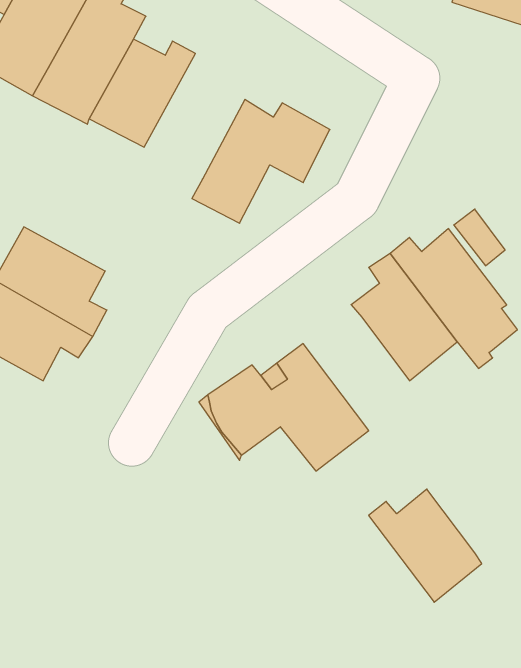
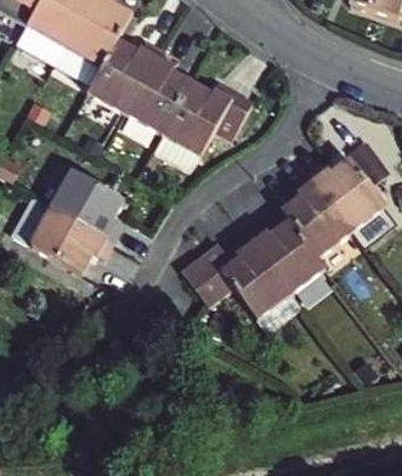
building: none -> [134,40,203,126]
building: [369,489,482,602] -> [243,221,321,299]

